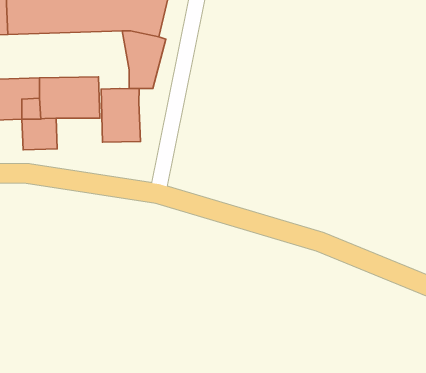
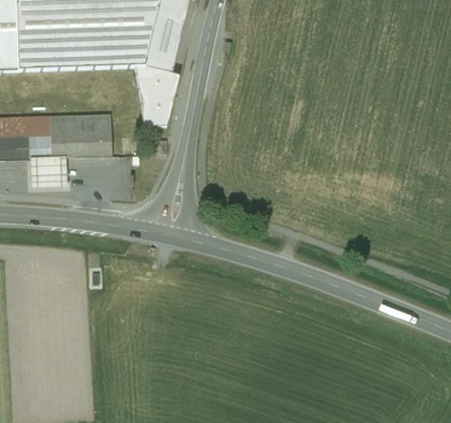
building: [101,88,140,142] -> none

